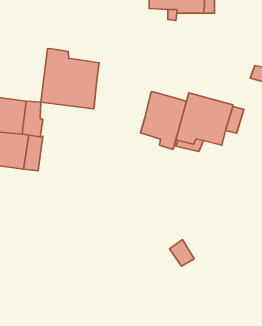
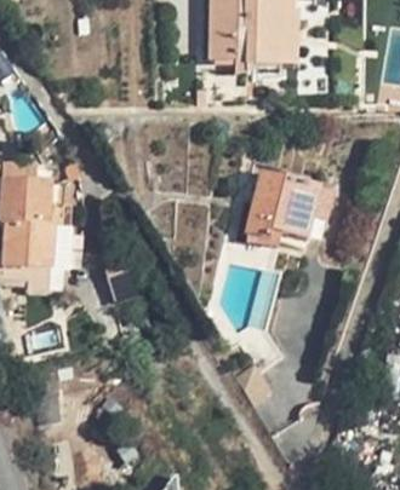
building: [41,49,99,109] -> none
building: [140,91,187,149] -> none

